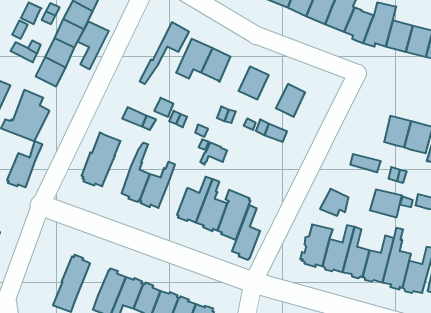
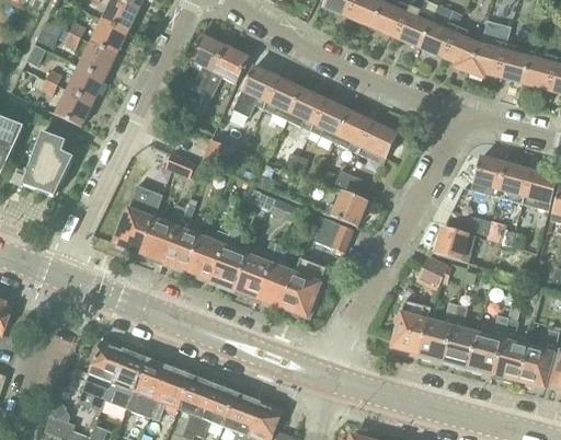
building: [78,22,109,69] -> [188,33,228,93]
building: none -> [288,89,327,131]
building: none -> [336,112,375,153]
building: none -> [471,157,504,196]
building: none -> [325,192,367,225]
building: [7,141,42,187] -> [140,202,185,260]
building: none -> [317,219,354,253]
building: [370,189,402,217] -> [435,227,476,262]
building: [232,205,260,260] -> [211,221,248,290]
building: none -> [105,349,147,407]

